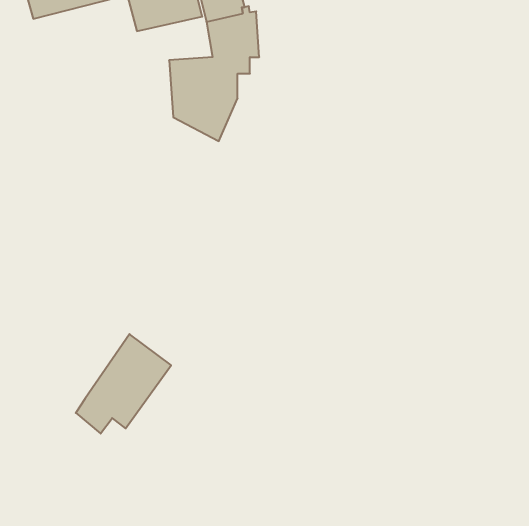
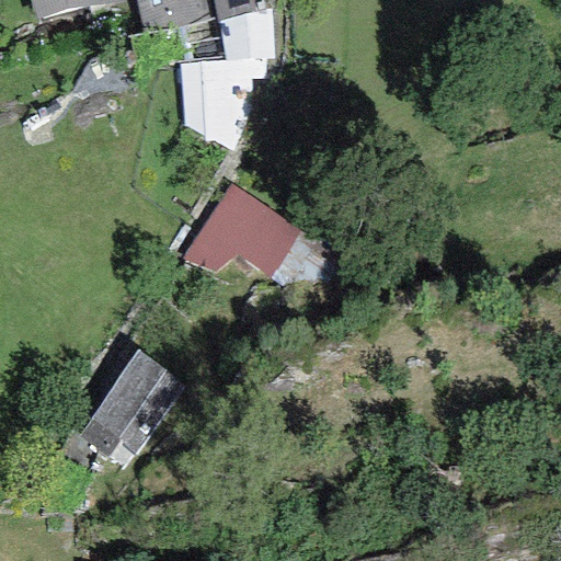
building: none -> [184,182,301,274]

